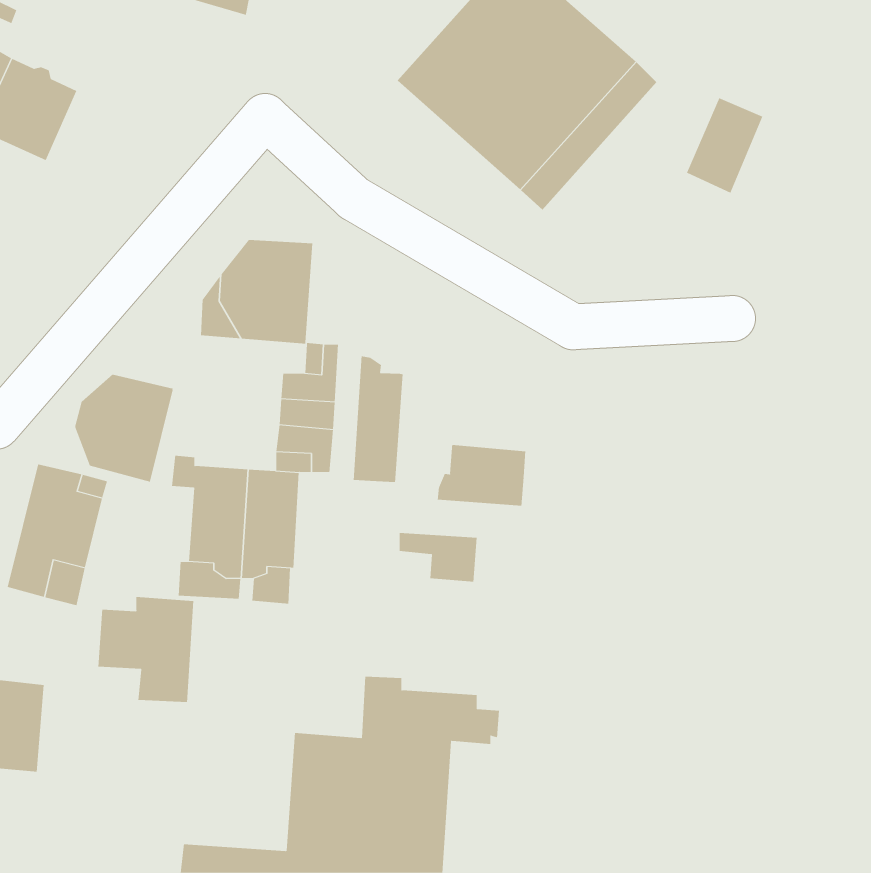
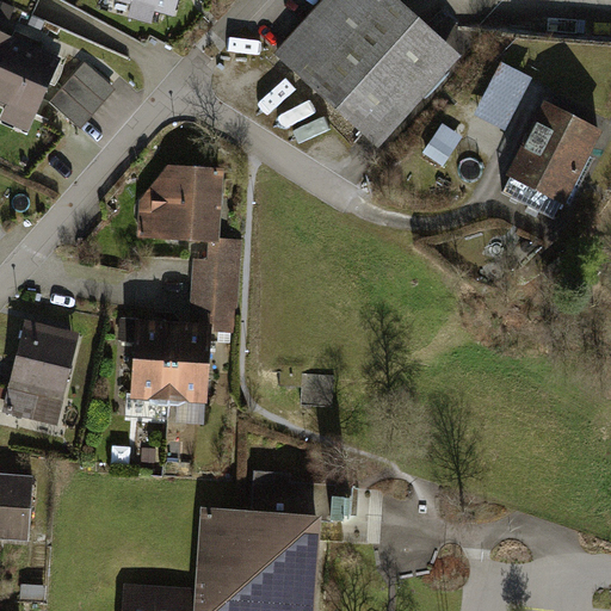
building: none -> [48,61,110,124]
building: none -> [501,104,597,217]
building: [353,356,403,483] -> none
building: [75,374,174,482] -> none
building: [437,444,526,507] -> none
building: [98,596,194,703] -> none

